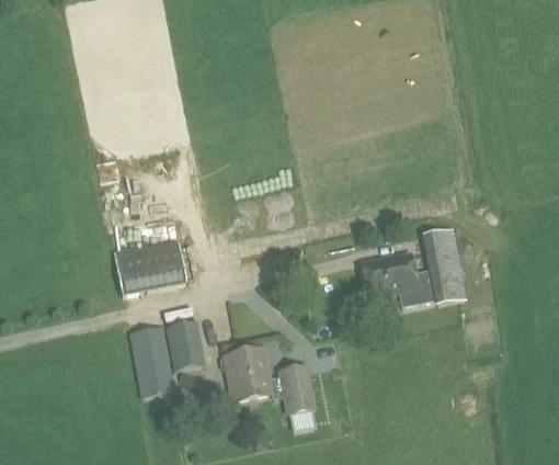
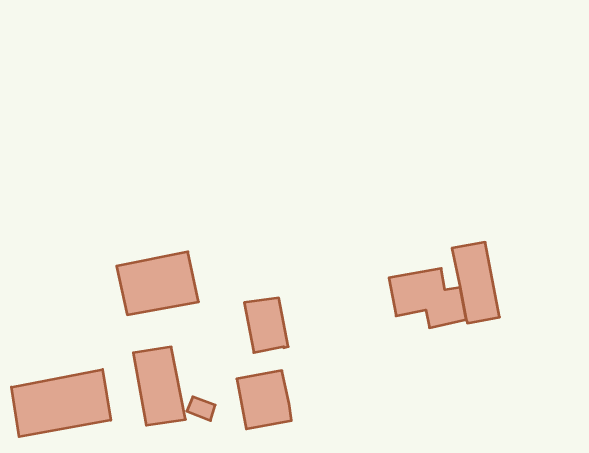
building: [164,318,205,368] -> [244,298,288,353]
building: none -> [11,369,111,437]
building: [271,363,316,410] -> none

